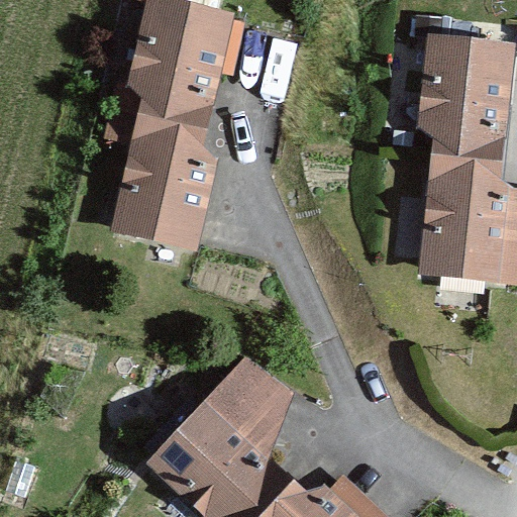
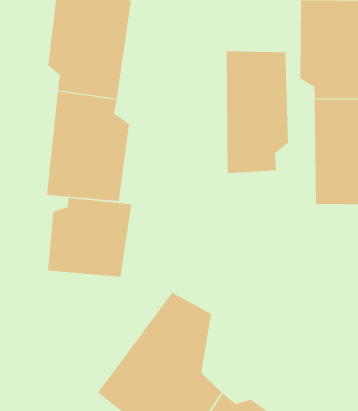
building: none -> [226,51,288,174]
building: none -> [48,197,132,278]

